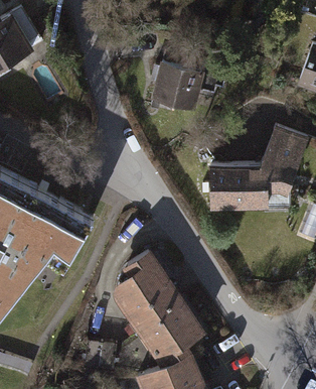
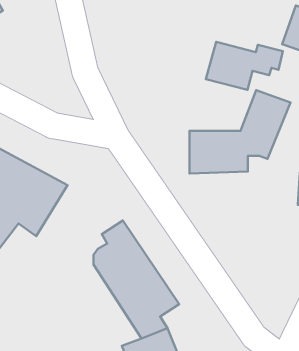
building: [151,61,225,108] -> [206,42,283,90]

